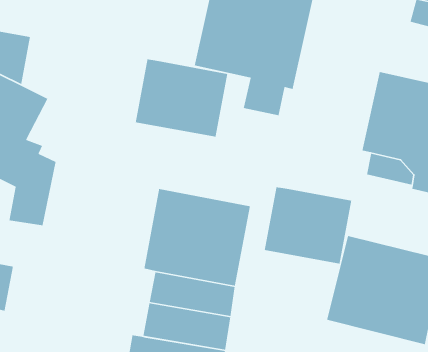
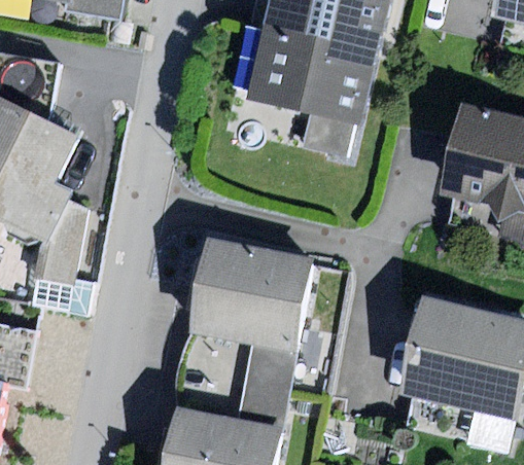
building: [135,59,228,138] -> none
building: [264,186,352,264] -> none

